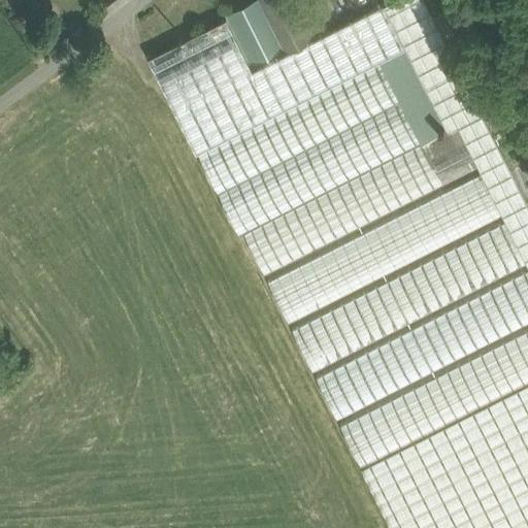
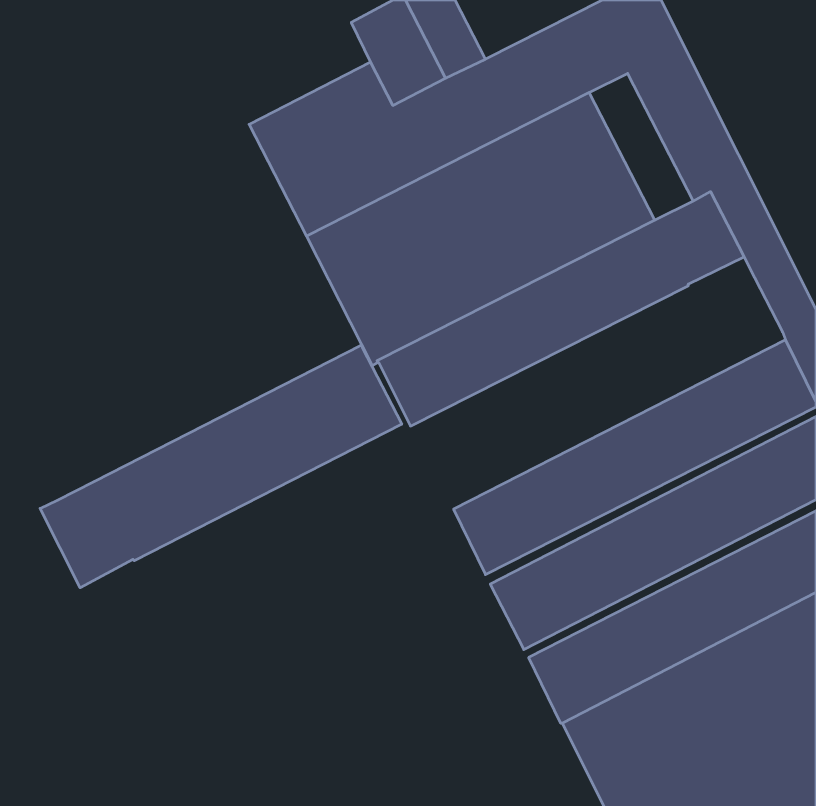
building: [148,23,239,87] -> none
building: [381,54,448,148] -> none
building: [268,178,505,330] -> none
building: none -> [40,345,402,588]

